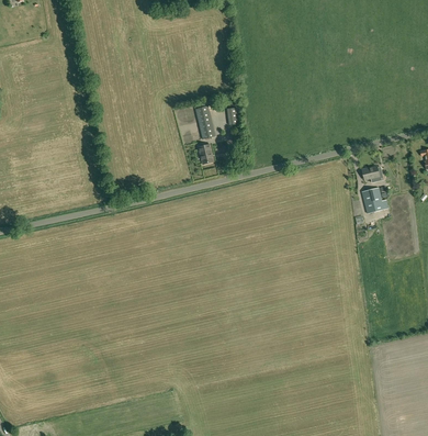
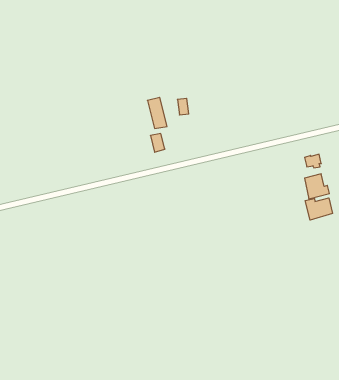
building: none -> [305,198,333,220]

